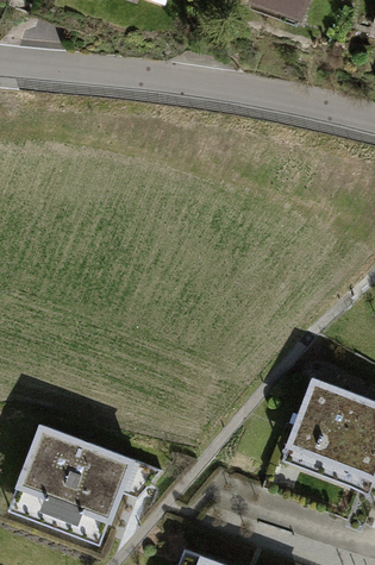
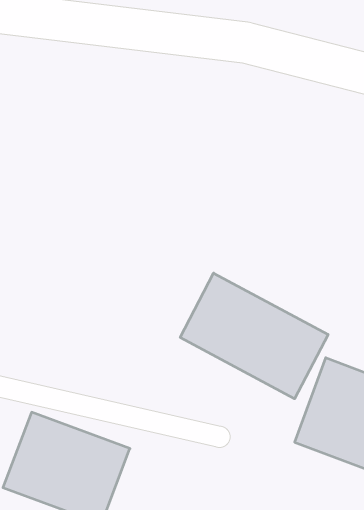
building: none -> [180,273,328,399]

